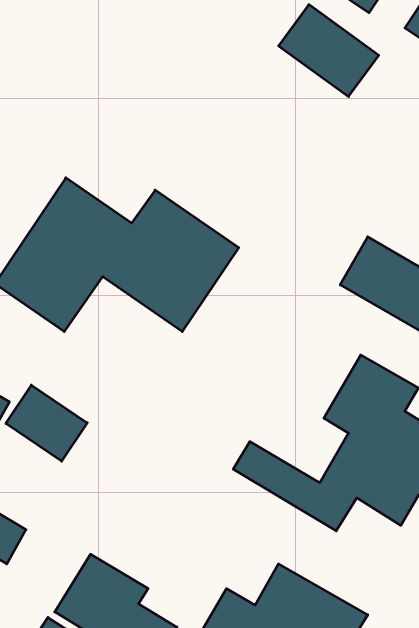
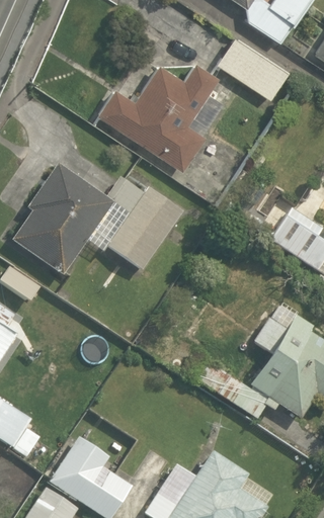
building: none -> [95,57,225,169]
building: [6,385,87,461] -> none

